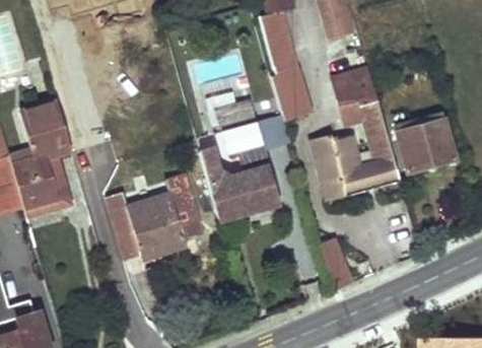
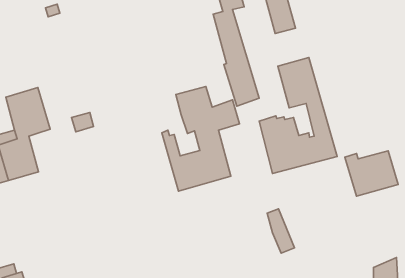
building: [395,121,456,172] -> [345,151,398,196]
building: [24,154,71,216] -> none
building: [106,177,202,260] -> none

